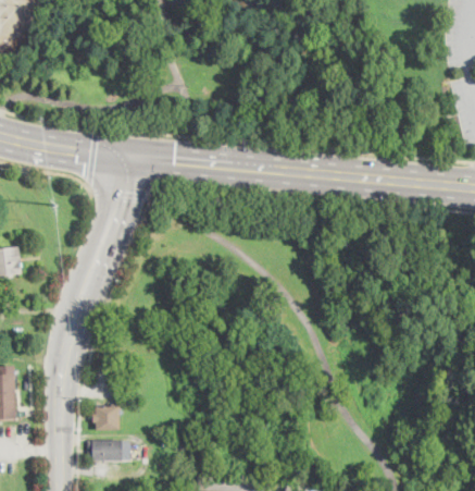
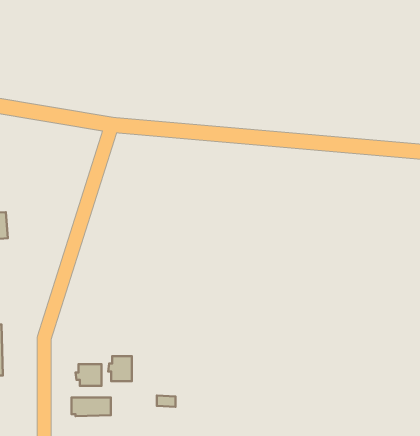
building: none -> [108,356,132,381]

